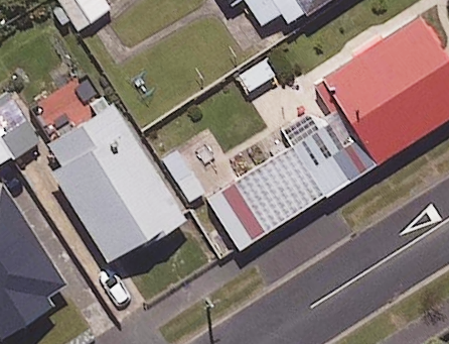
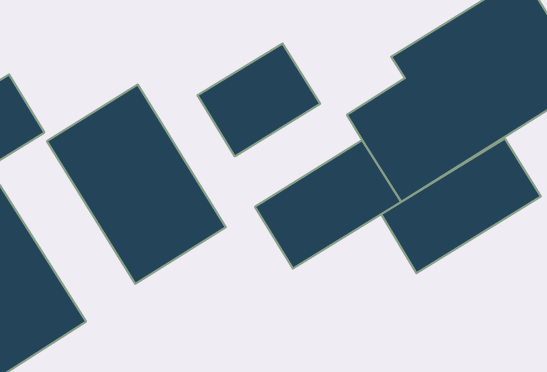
building: none -> [198,43,320,156]
building: none -> [381,139,541,273]

